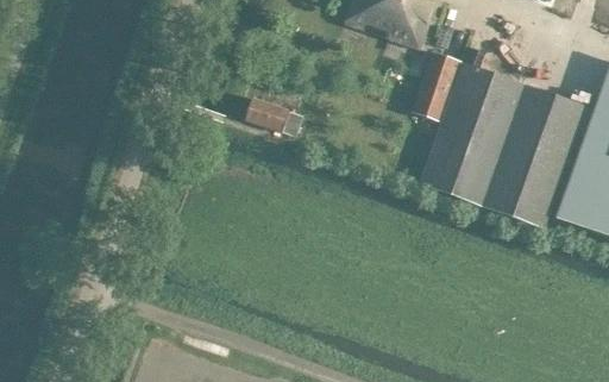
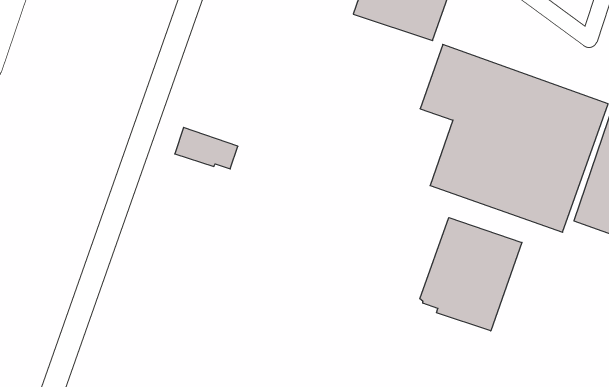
building: [244,95,303,134] -> [175,127,238,169]
building: none -> [420,218,522,331]

